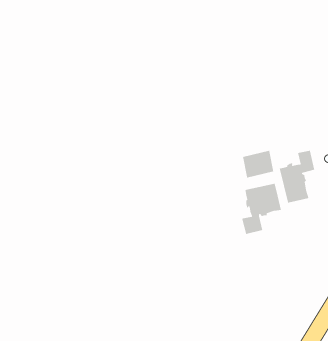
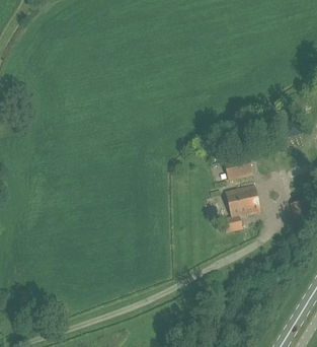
building: [279,150,315,203] -> none

